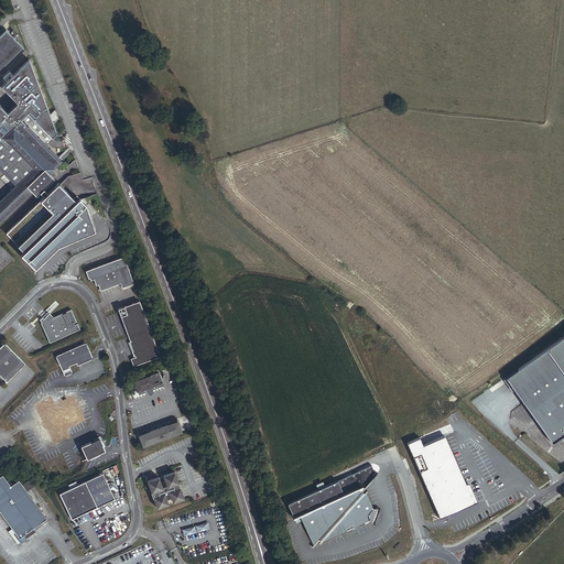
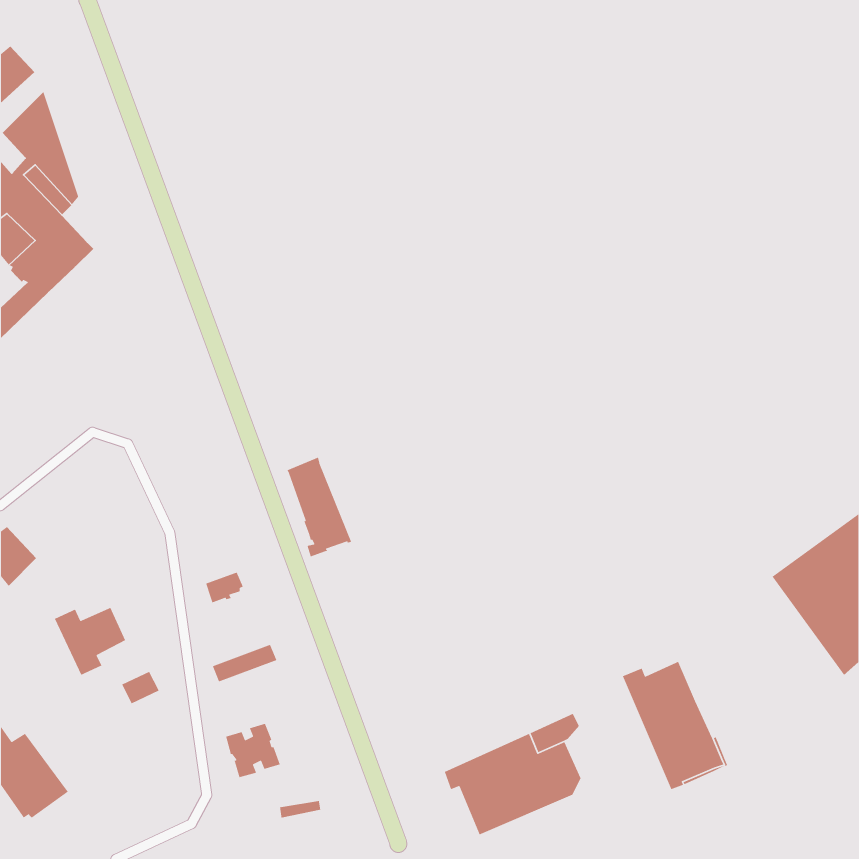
building: [7,173,98,270] -> none
building: [86,258,134,291] -> none
building: [118,302,161,368] -> [286,457,352,557]
building: [40,312,80,345] -> none
building: [55,344,94,378] -> none
building: [58,475,113,520] -> none

